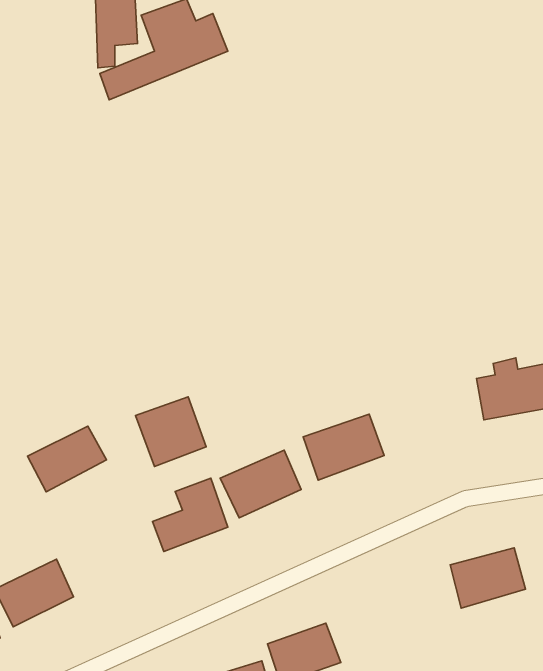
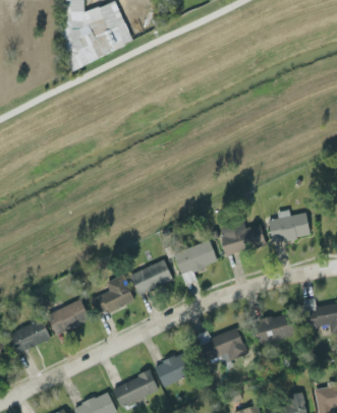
building: none -> [220,224,265,253]
building: [135,397,206,466] -> none
building: [27,426,107,492] -> [47,299,90,335]
building: none -> [201,328,247,364]

